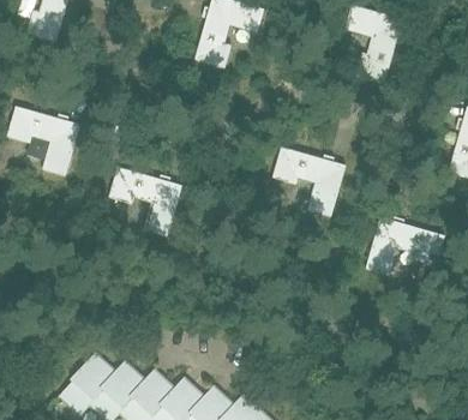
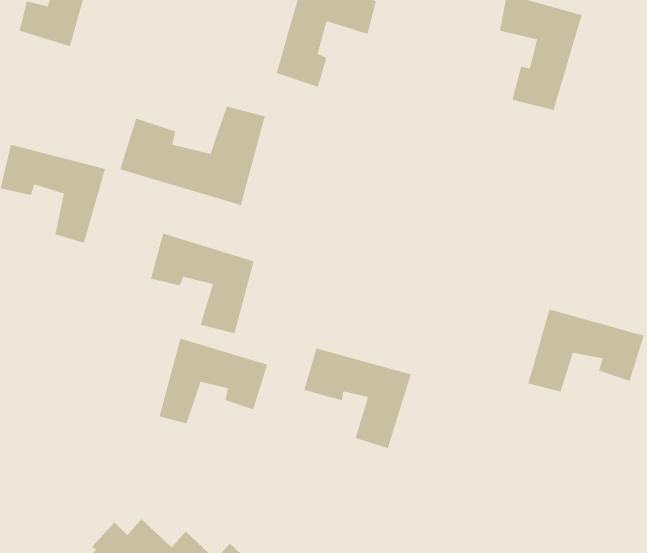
building: none -> [119,106,265,206]
building: [272,148,346,216] -> [303,348,411,449]
building: none -> [159,338,268,424]

